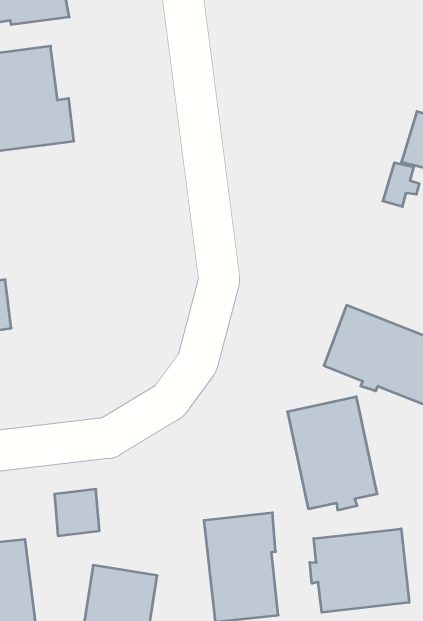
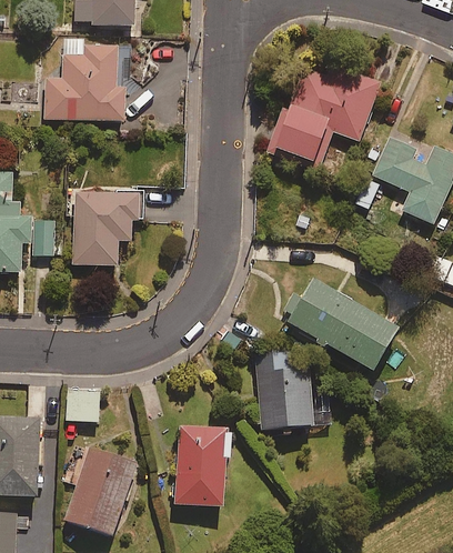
building: none -> [273,57,379,162]
building: none -> [73,191,142,264]
building: [310,529,409,612] -> none

